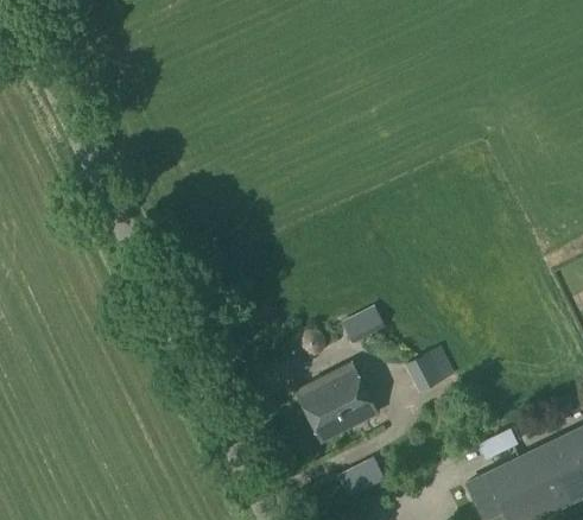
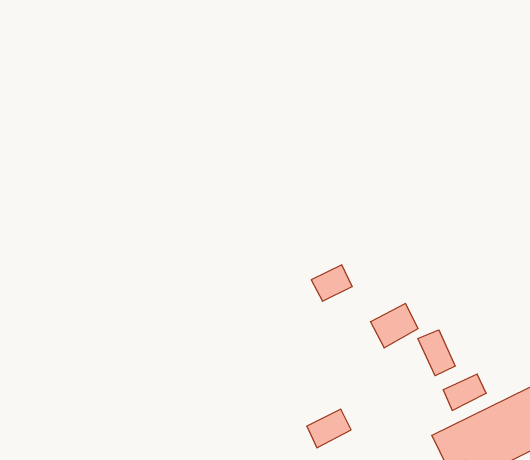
building: [294,363,375,440] -> none
building: none -> [418,330,455,376]

